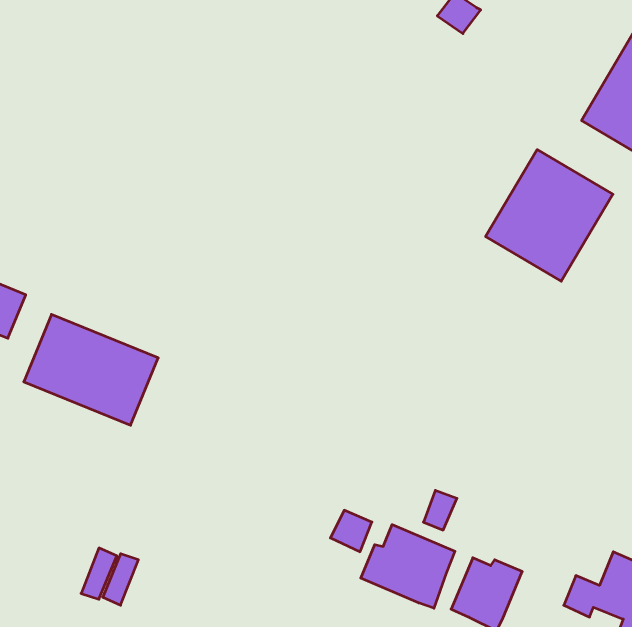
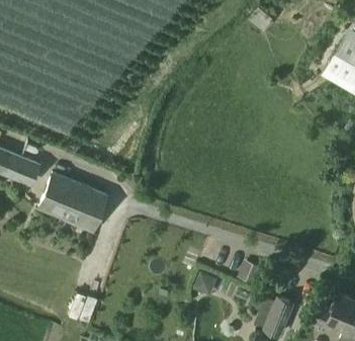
building: [486,150,613,281] -> none
building: [361,525,455,608] -> none

